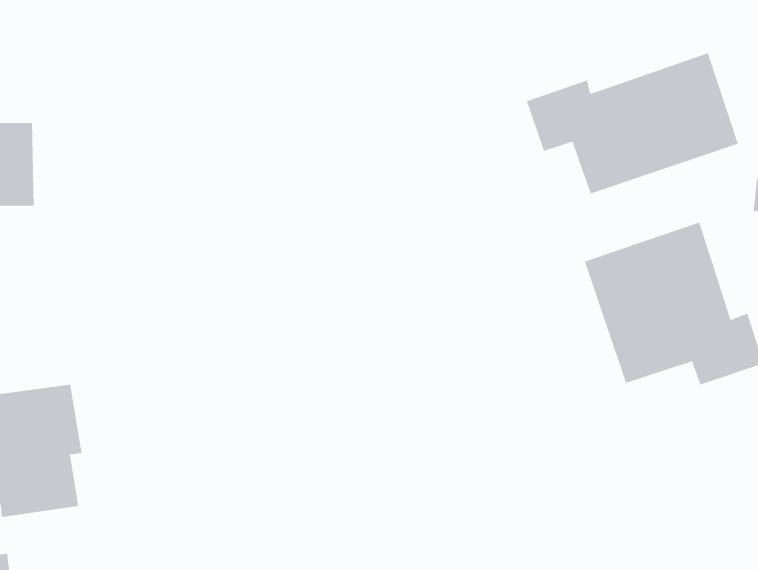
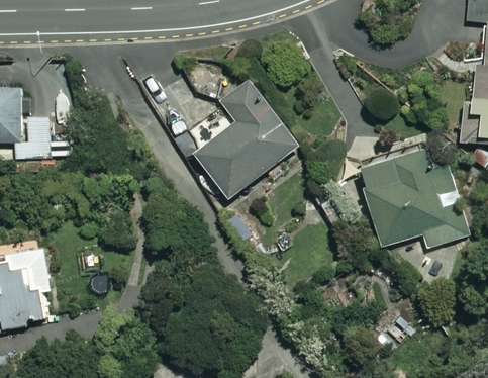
building: [526,52,739,194] -> none
building: none -> [195,81,299,200]

